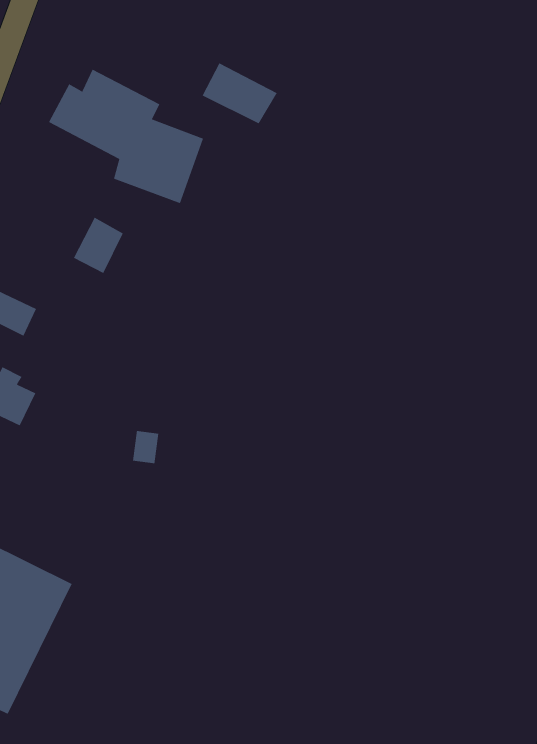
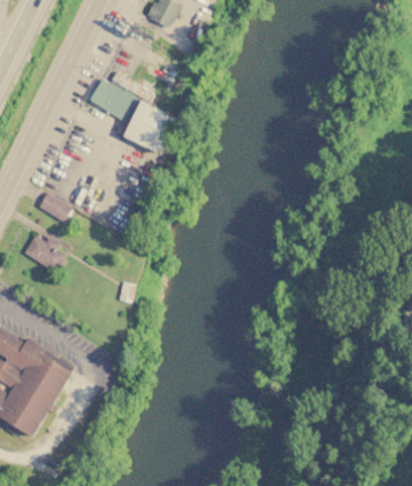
building: [202,62,277,124] -> none
building: [73,217,123,274] -> none

